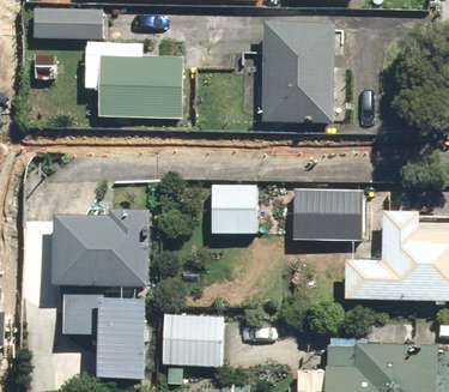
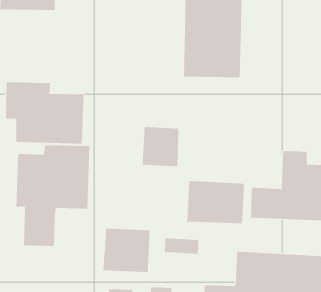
building: [85,41,184,119] -> [5,82,84,144]
building: [289,188,362,242] -> [186,181,245,224]
building: [99,295,141,379] -> none

